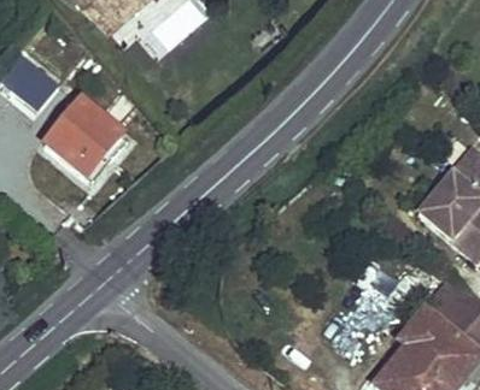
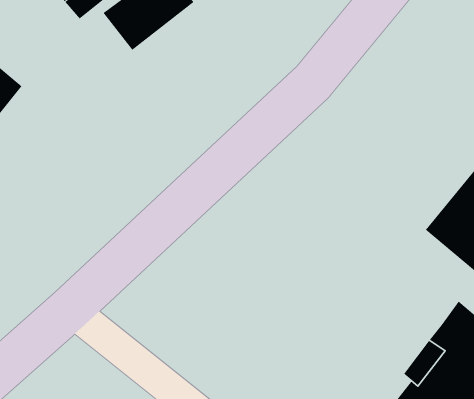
building: [45,96,125,177] -> none

